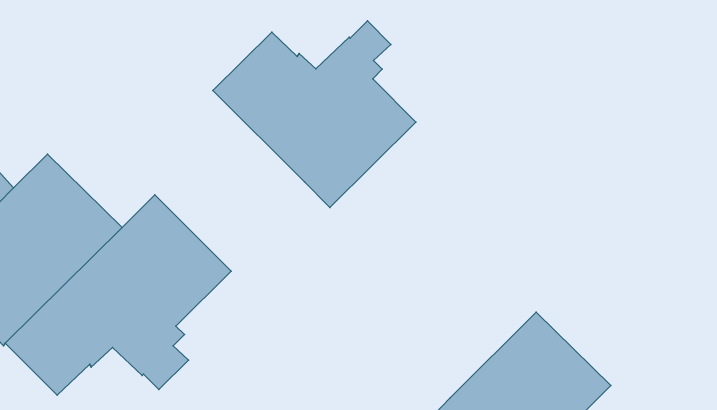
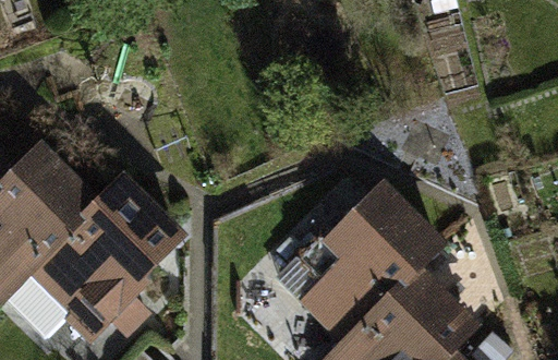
building: [213,21,416,207] -> none
building: none -> [280,188,440,338]

